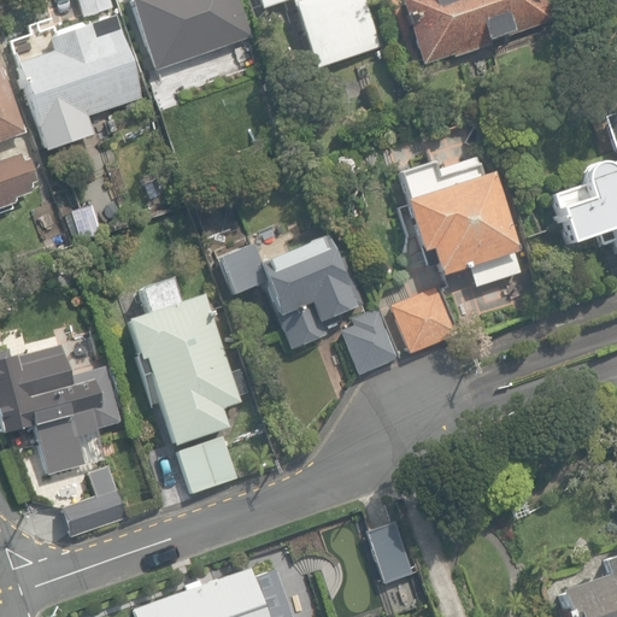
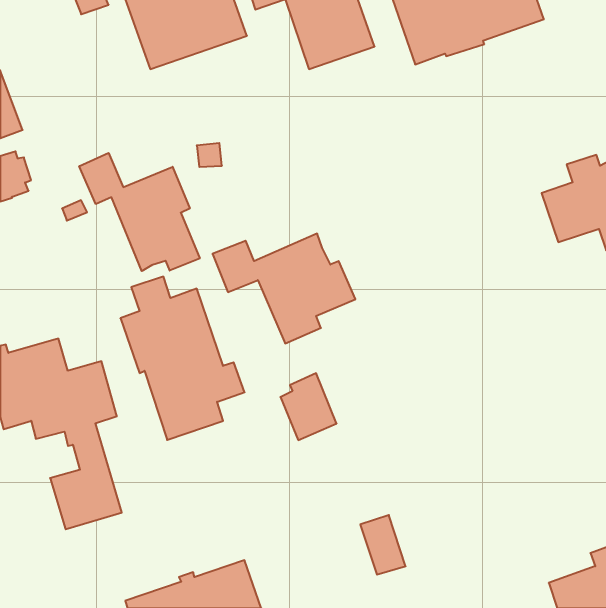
building: [18,14,145,153] -> none
building: none -> [79,153,200,271]
building: [396,160,519,286] -> none
building: [390,287,458,352] -> none
building: [341,306,398,374] -> [280,373,337,440]
building: [177,434,239,494] -> none

